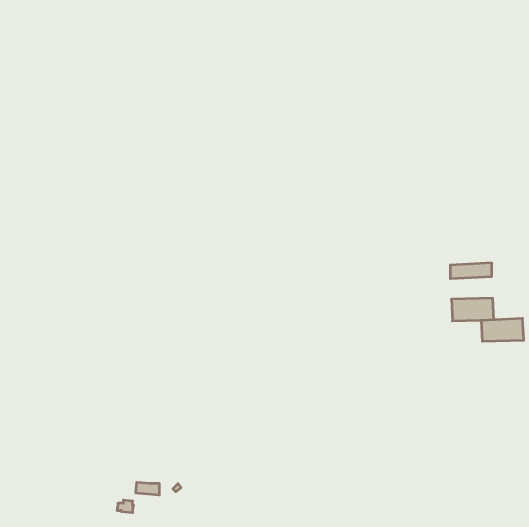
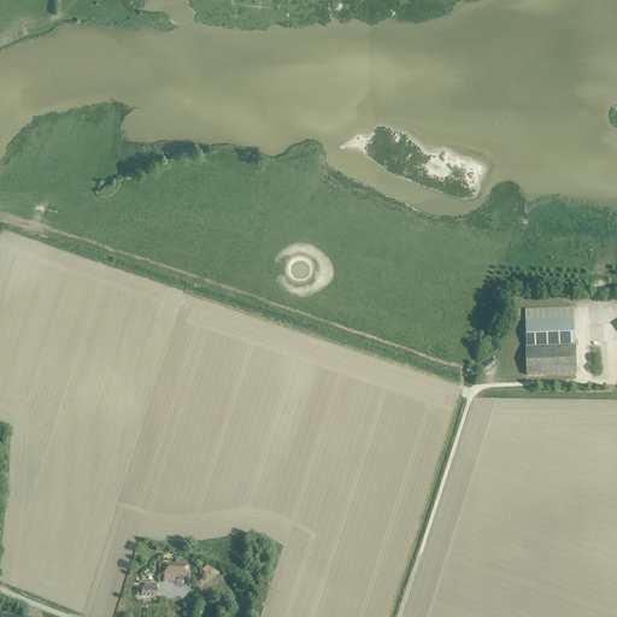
building: [481,318,524,341] -> [524,322,574,348]

